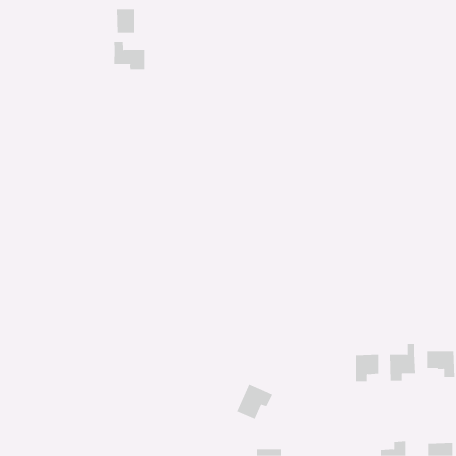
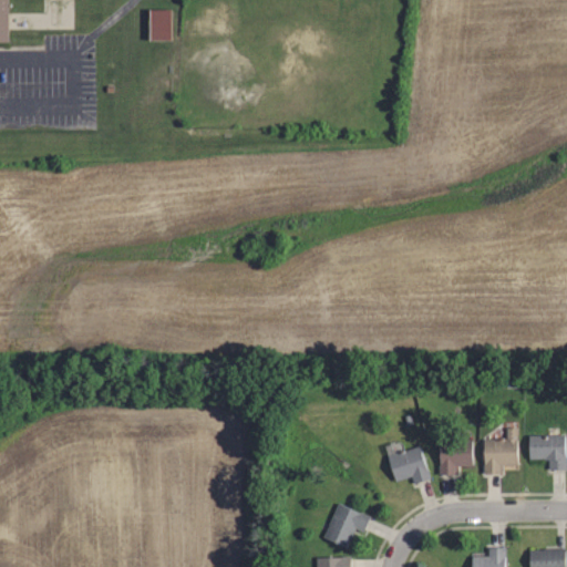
building: [114,41,145,70] -> none
building: none -> [389,446,430,484]
building: [236,384,273,419] -> [324,503,370,547]

